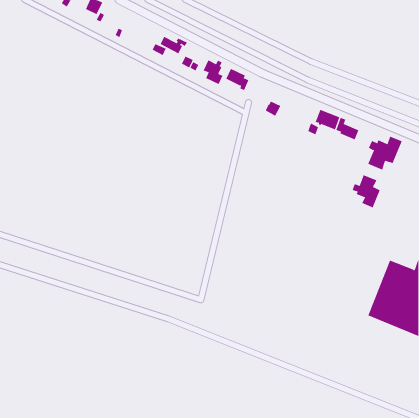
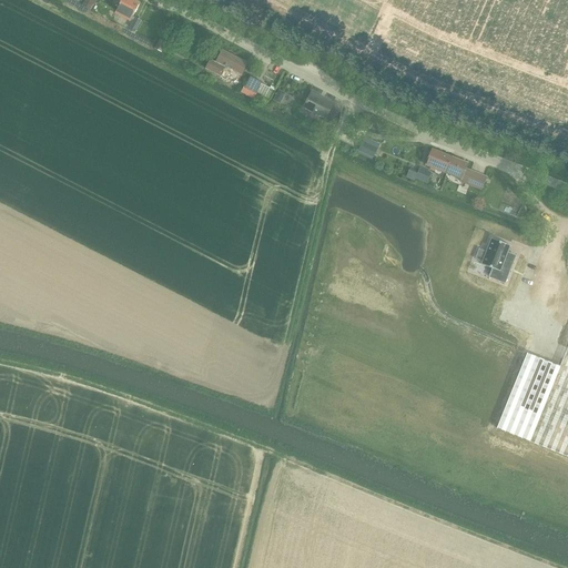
building: [203,60,223,85] -> none
building: [367,136,402,170] -> none

